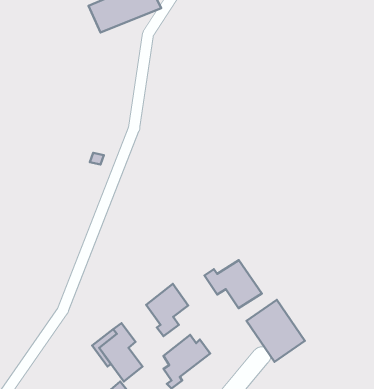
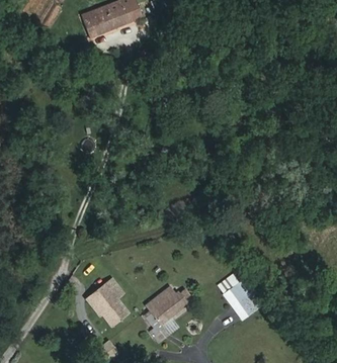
building: [205,260,262,308] -> none
building: [146,284,188,336] -> none

